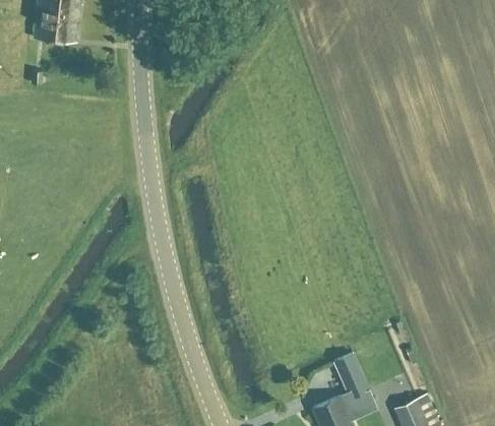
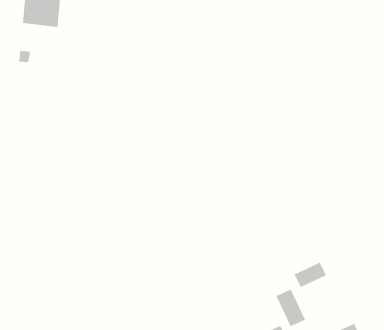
building: none -> [294,262,327,288]

